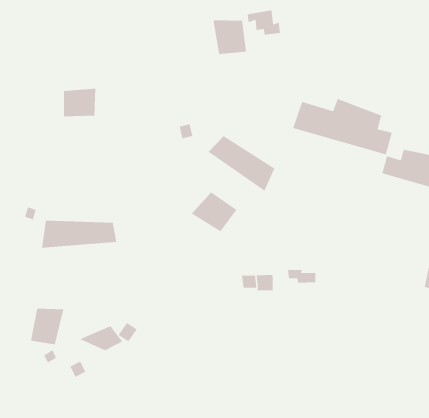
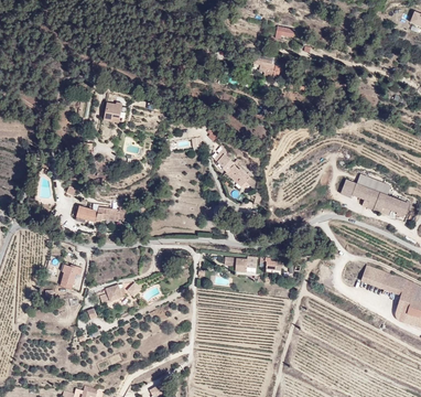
building: [213,19,246,55] -> none
building: [292,98,393,155] -> none
building: [191,191,237,232] -> none

